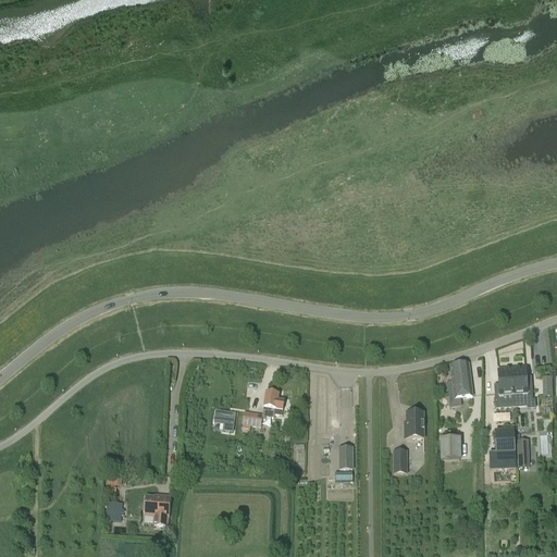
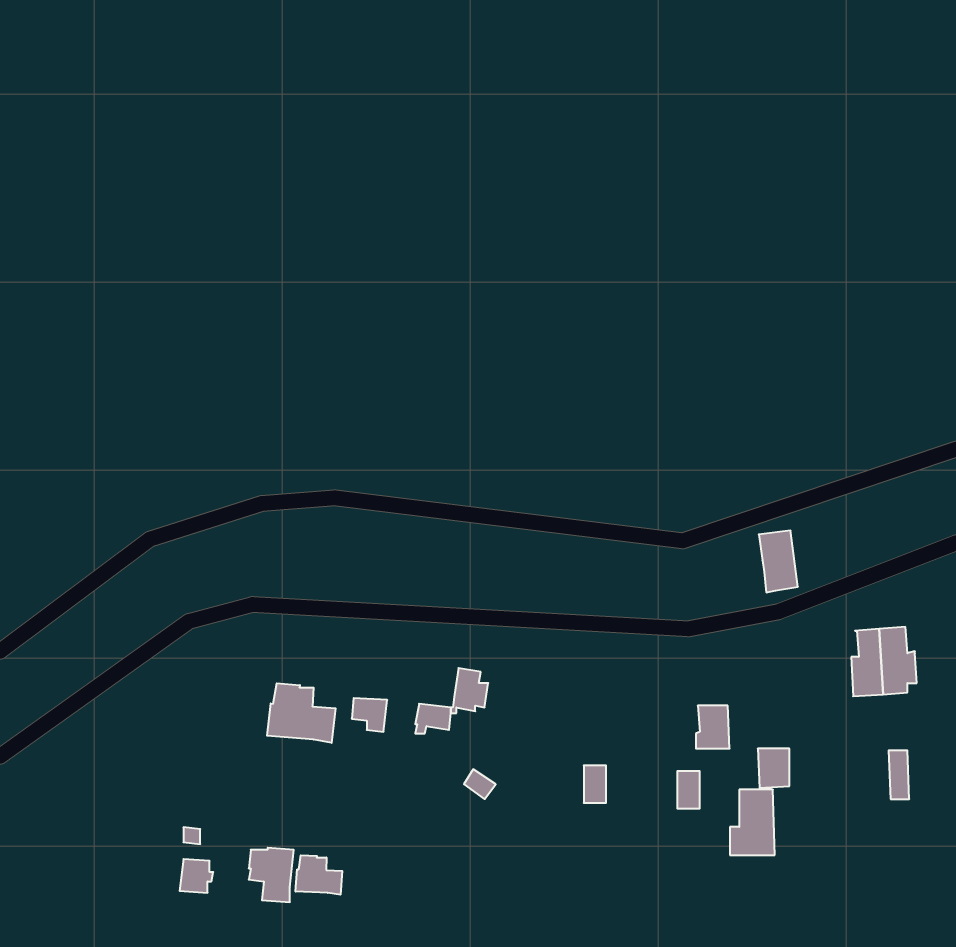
building: [450,360,473,396] -> [759,531,798,592]
building: none -> [267,683,336,743]
building: [490,428,516,466] -> [730,790,775,855]
building: none -> [296,855,342,895]

